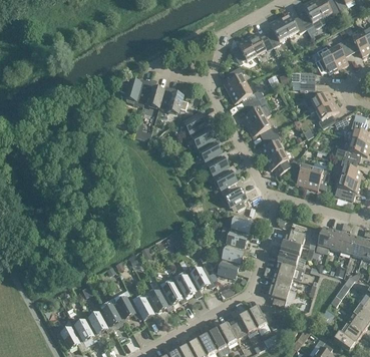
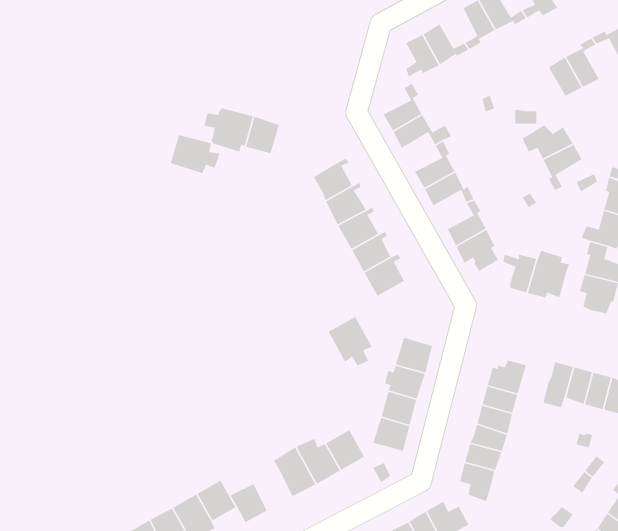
building: [158,88,188,111] -> [170,134,220,174]
building: [220,178,246,208] -> [328,316,373,366]
building: [145,284,170,311] -> none

